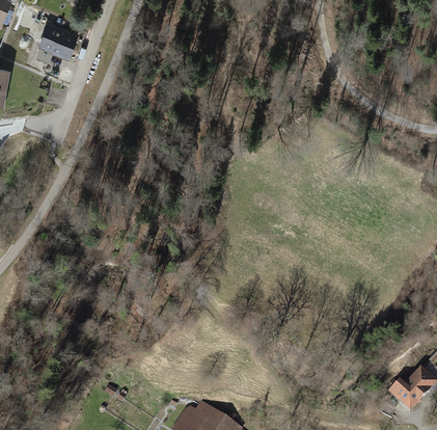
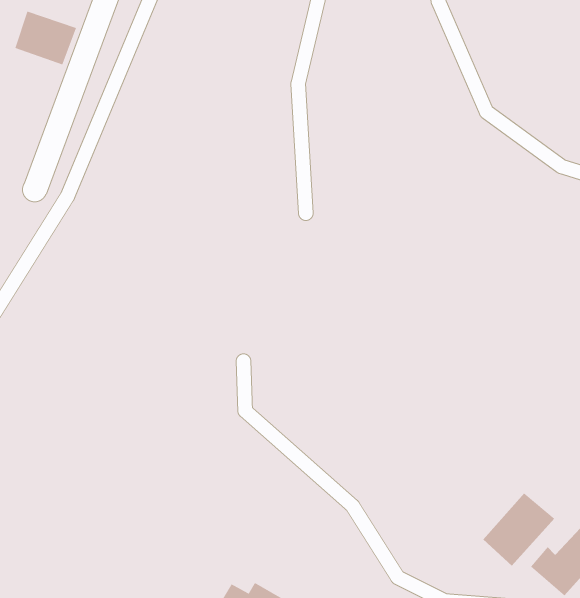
building: none -> [482,492,555,566]

